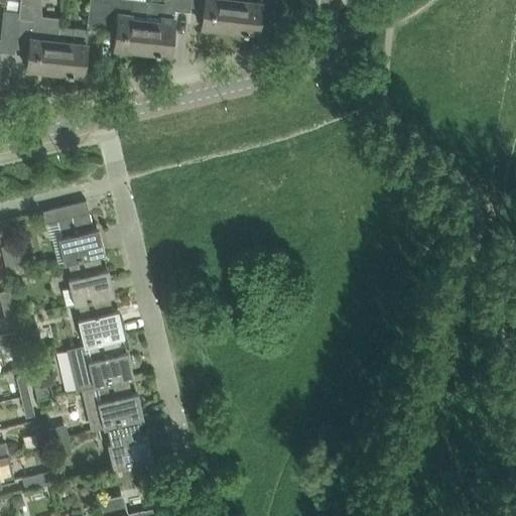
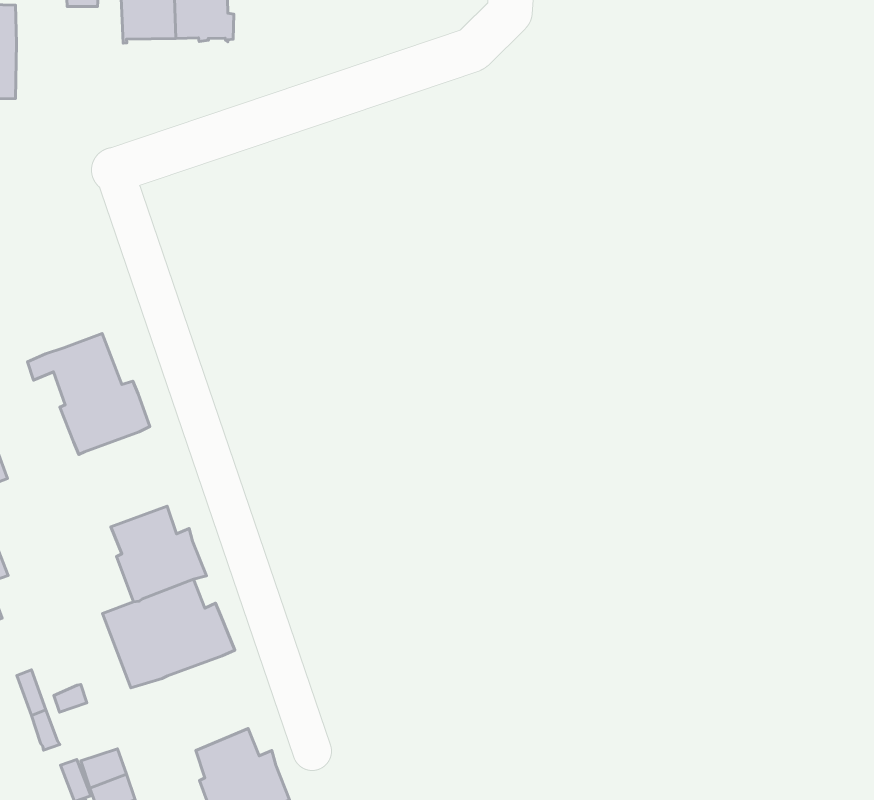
building: [54,29,88,78] -> none
building: [68,257,114,306] -> none
building: [97,381,143,430] -> none

